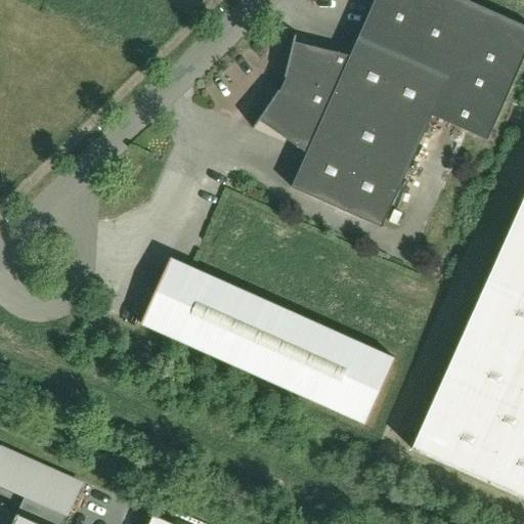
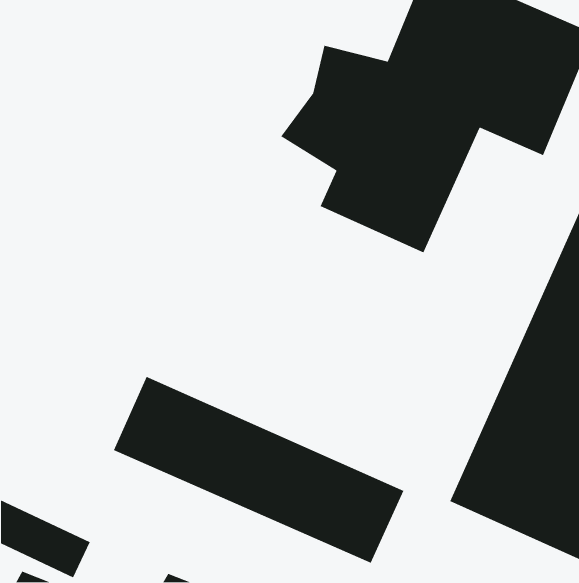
building: [140,258,400,426] -> [113,376,405,564]

